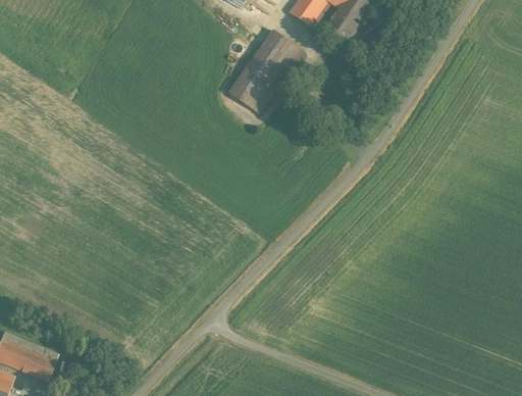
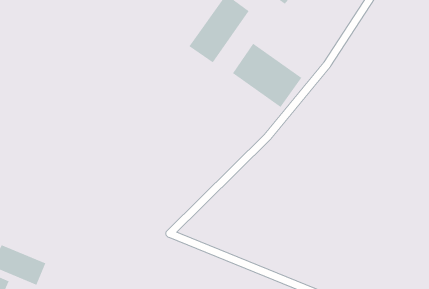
building: none -> [232,43,302,108]

